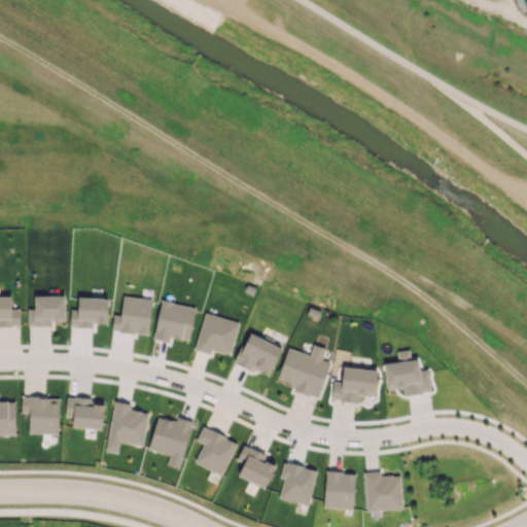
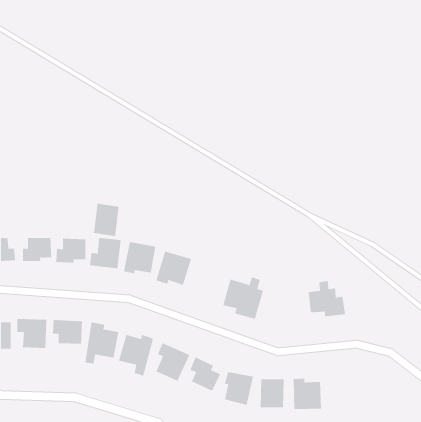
building: none -> [94,203,119,237]
building: [237,335,282,377] -> none
building: [333,368,378,402] -> none

